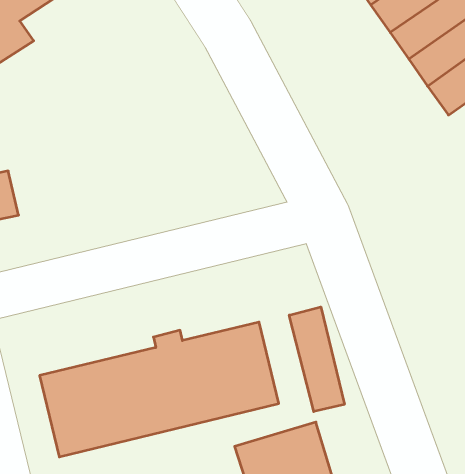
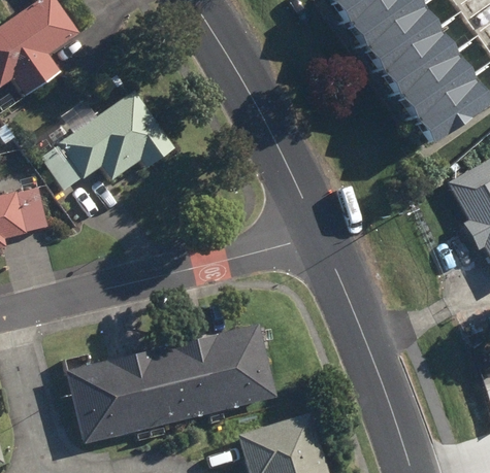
building: none -> [40,93,175,192]
building: [289,307,344,412] -> none

